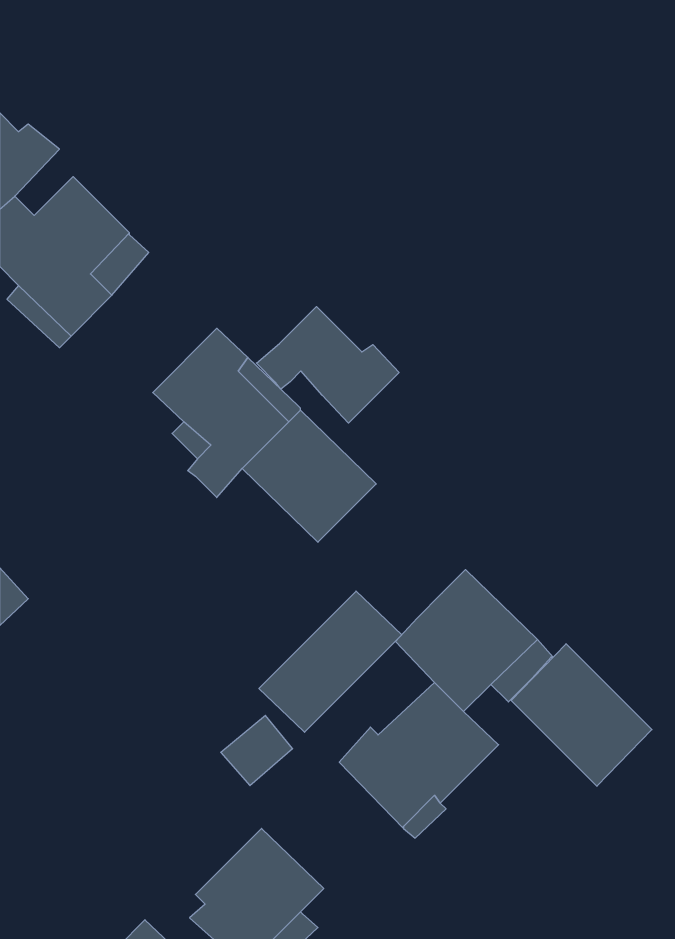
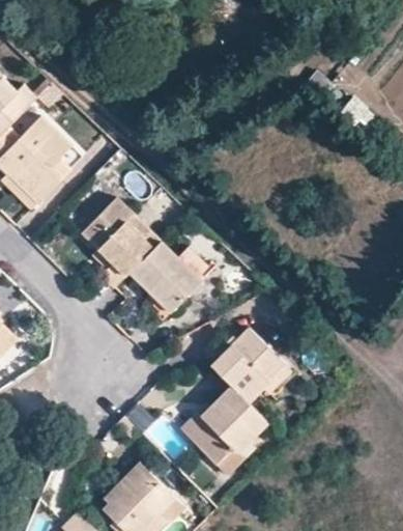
building: [256,307,399,423] -> none
building: [259,591,402,732] -> none
building: [511,644,652,786] -> none

